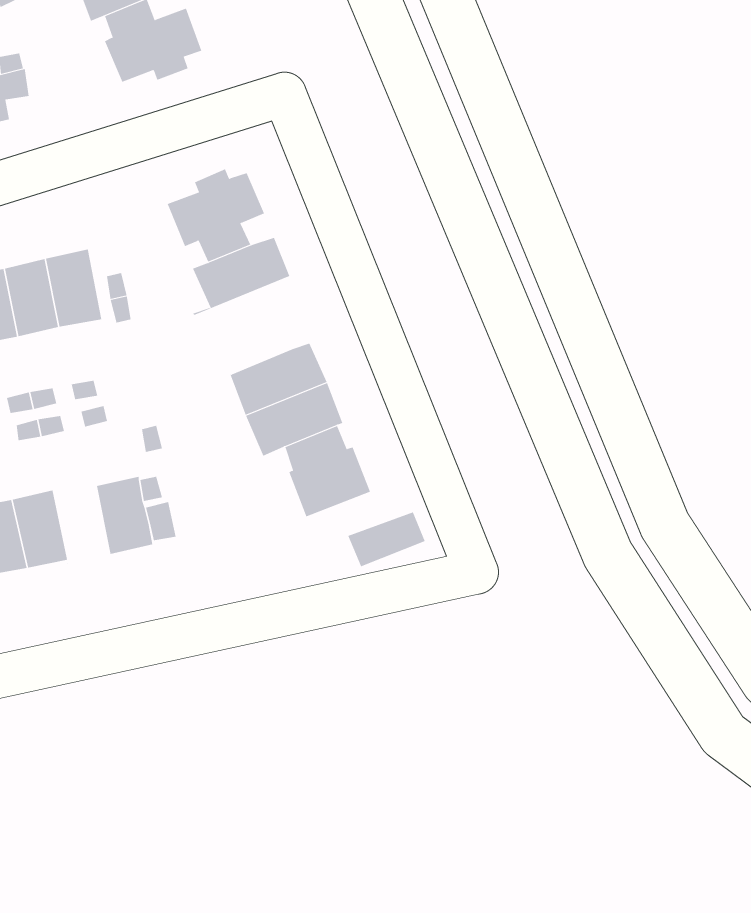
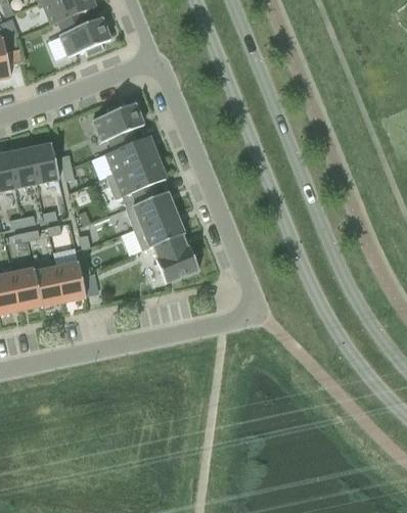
building: none -> [106,156,165,207]
building: none -> [33,266,62,307]
building: [348,511,426,567] -> none

